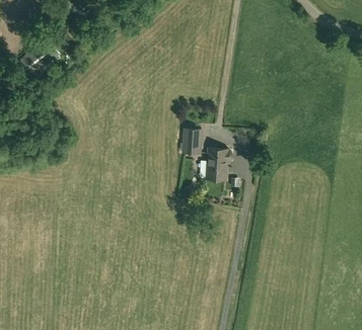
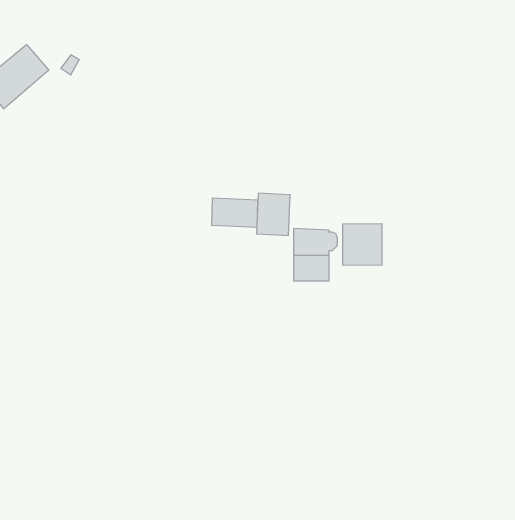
building: none -> [212,198,258,228]
building: none -> [343,224,382,265]

